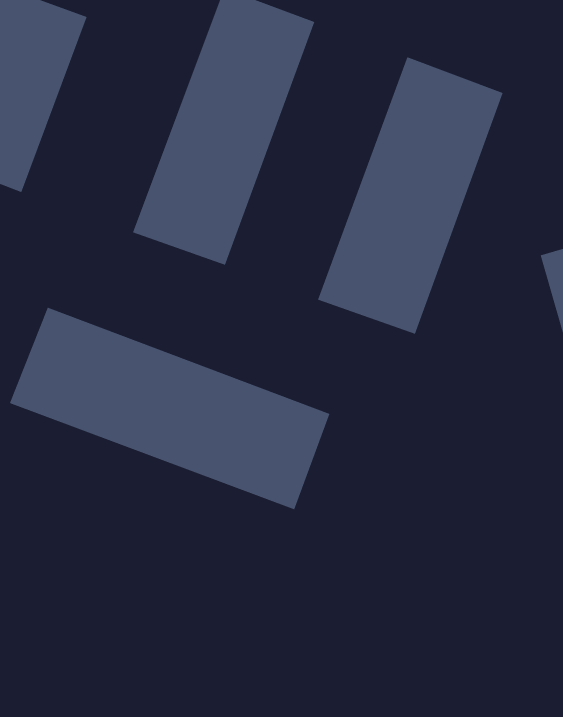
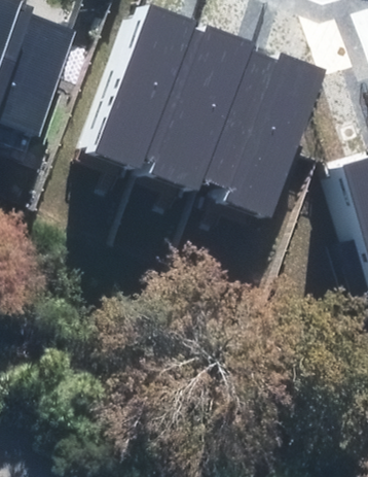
building: none -> [153,29,261,195]
building: [9,307,330,510] -> none

